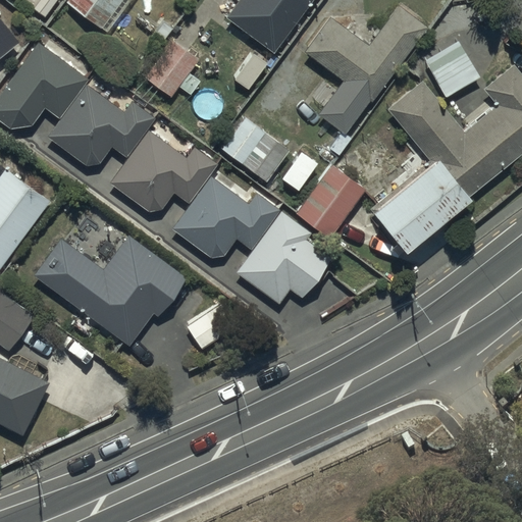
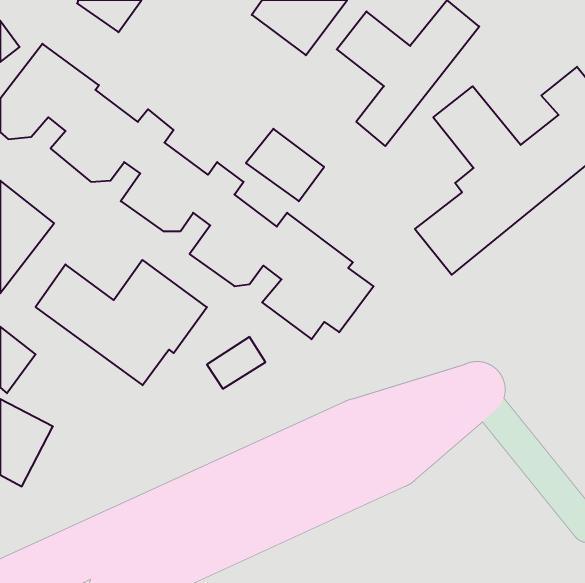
building: [145,42,200,97] -> none
building: [425,42,480,98] -> none
building: [296,165,365,240] -> none

